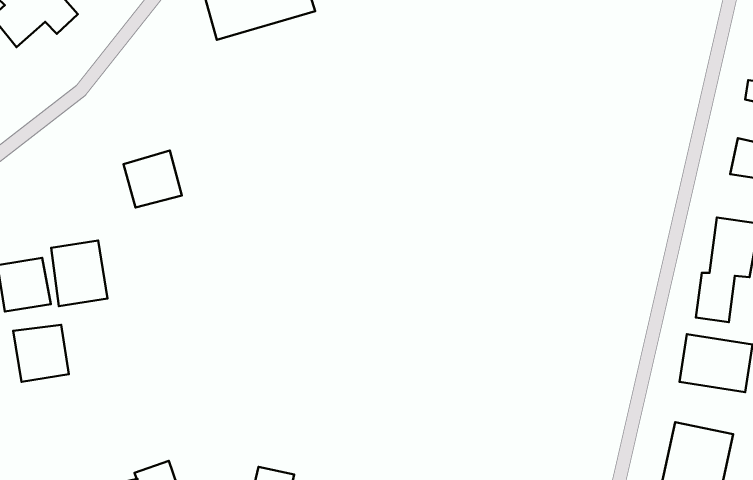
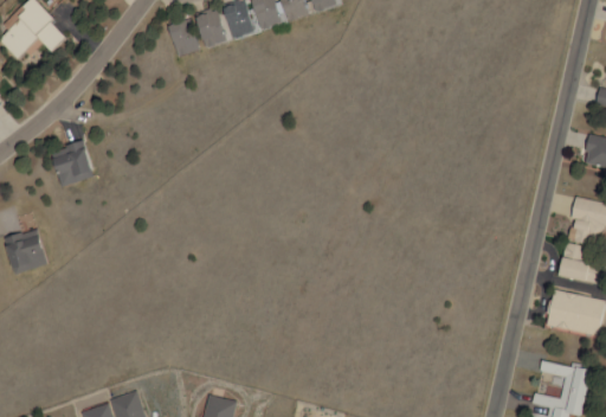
building: [124,151,182,207] -> [49,141,95,186]
building: [51,241,108,306] -> none
building: [13,325,69,382] -> none

